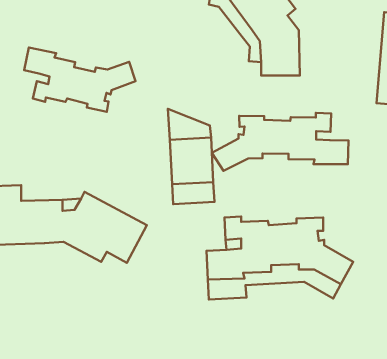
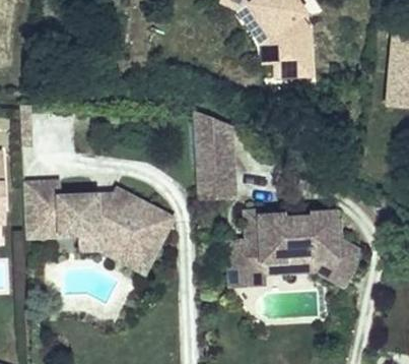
building: [24,47,135,112] -> none
building: [212,113,348,171] -> none
building: none -> [81,232,156,270]

